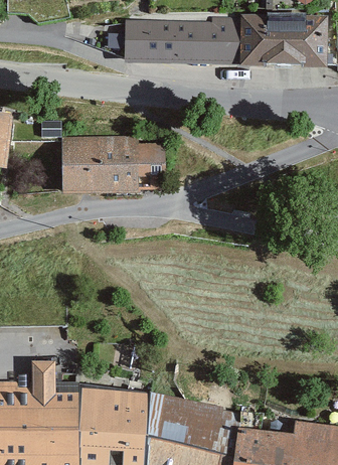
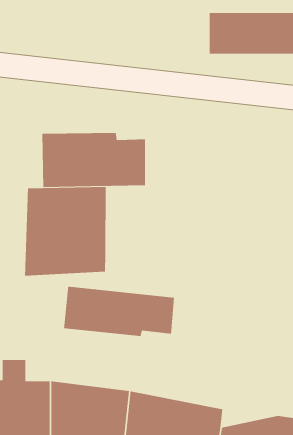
building: [113,18,228,59] -> none
building: none -> [24,186,106,276]
building: none -> [63,286,174,337]

